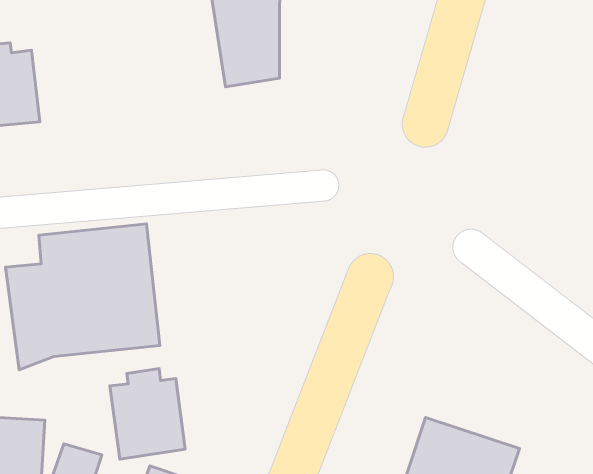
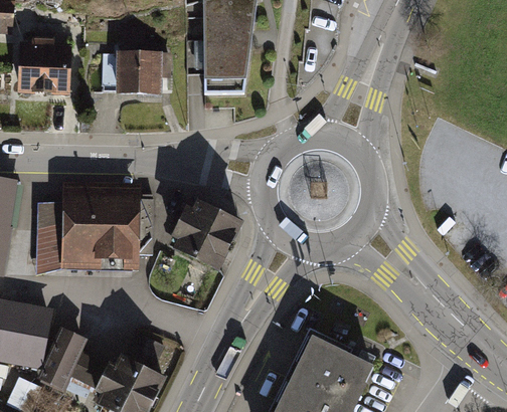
building: none -> [119,59,164,101]
building: none -> [170,201,236,266]
building: [110,369,185,459] -> none

